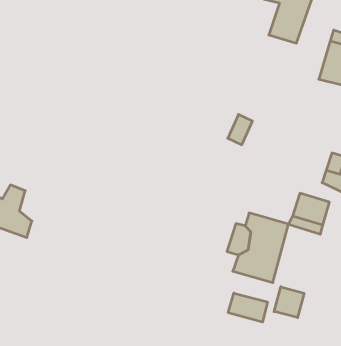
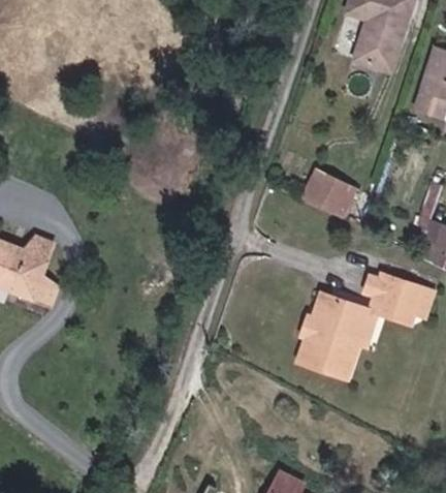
building: none -> [317,174,355,215]
building: [274,287,304,318] -> none
building: [228,293,267,322] -> none

